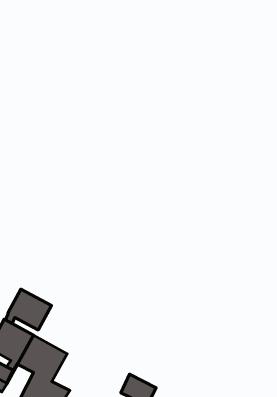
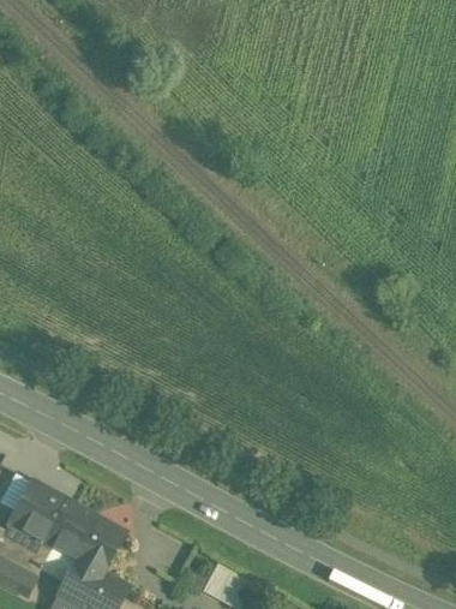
building: [6,289,52,330] -> none

